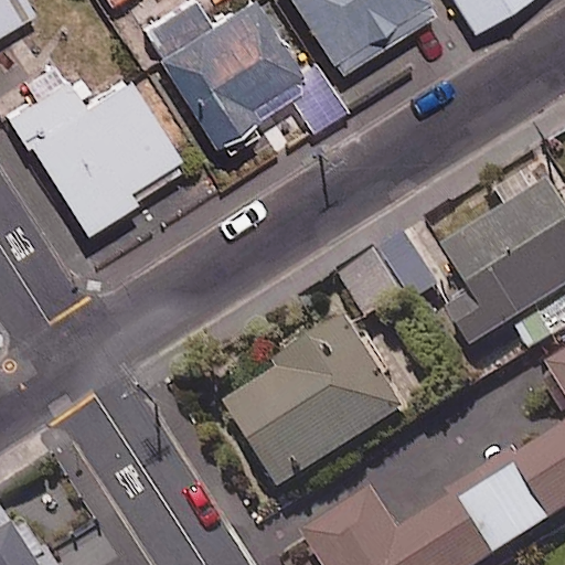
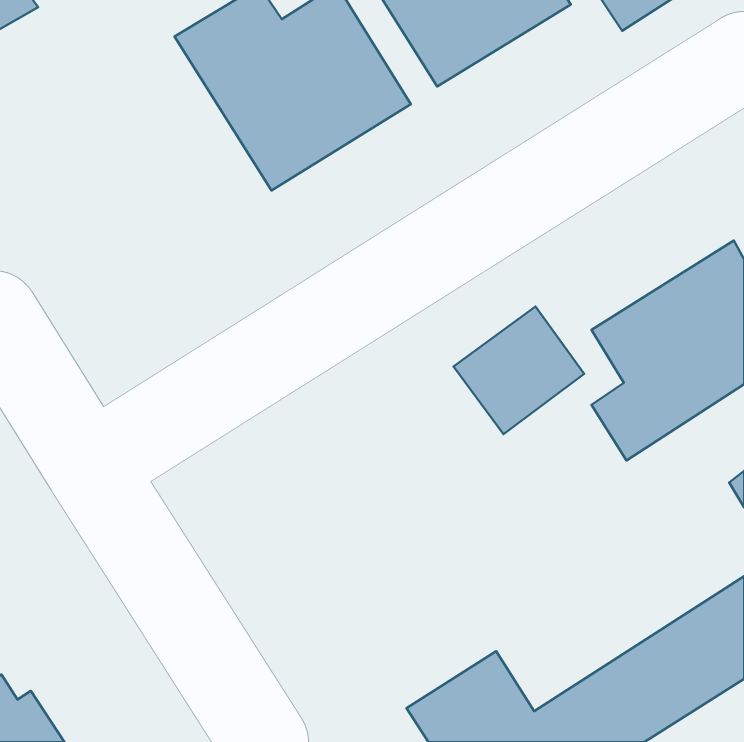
building: [6,73,177,224] -> none
building: [224,320,406,490] -> none

